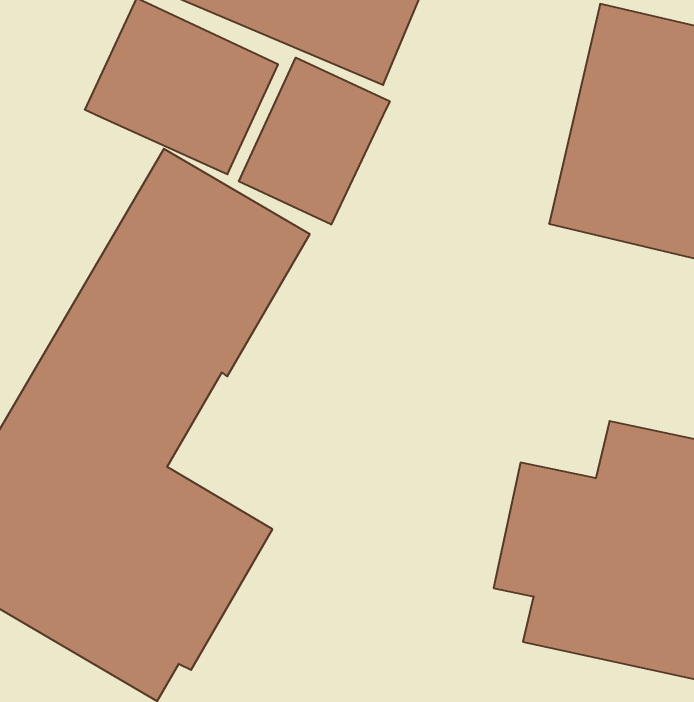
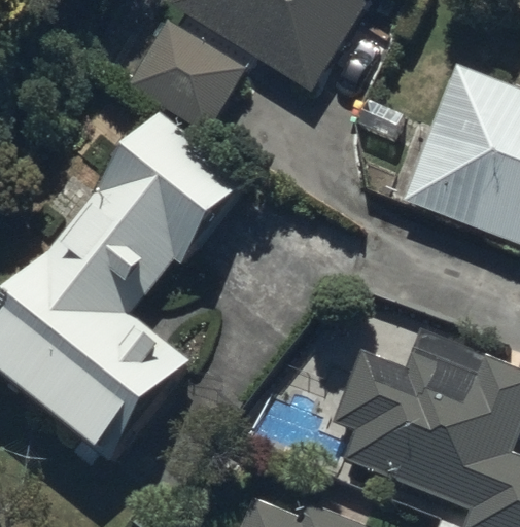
building: [239,58,390,225] -> none

